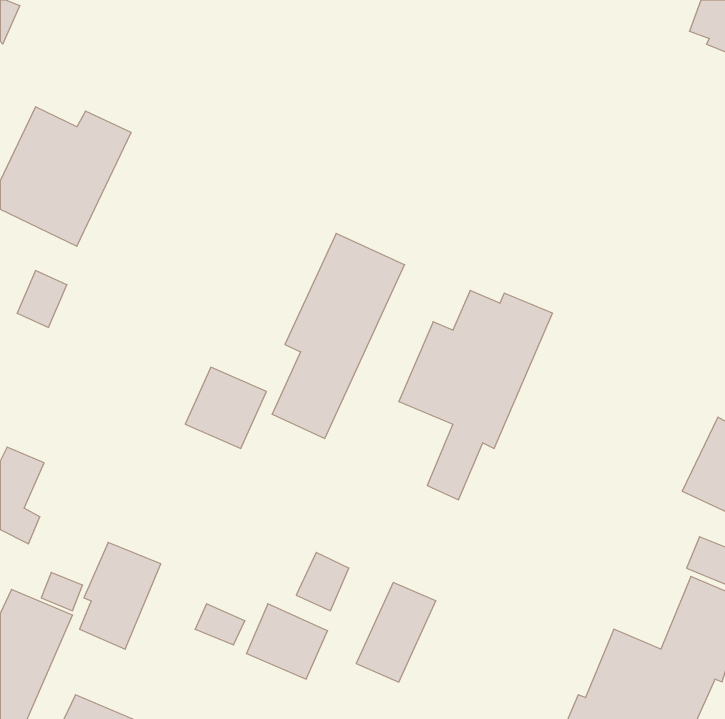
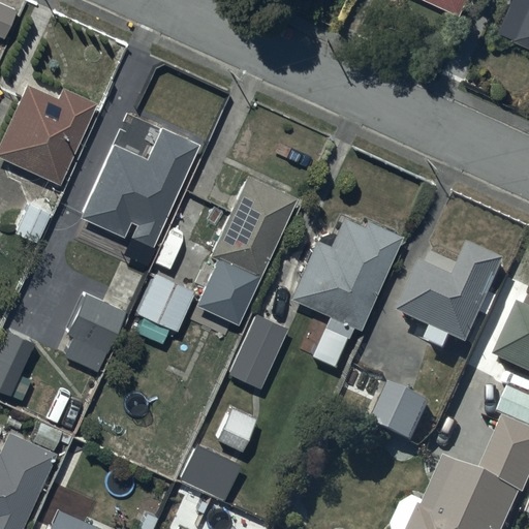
building: none -> [80,127,200,247]
building: none -> [401,250,508,355]
building: none -> [375,390,431,445]
building: [80,542,161,649] -> [65,294,124,372]
building: [356,582,436,682] -> [229,316,287,388]

